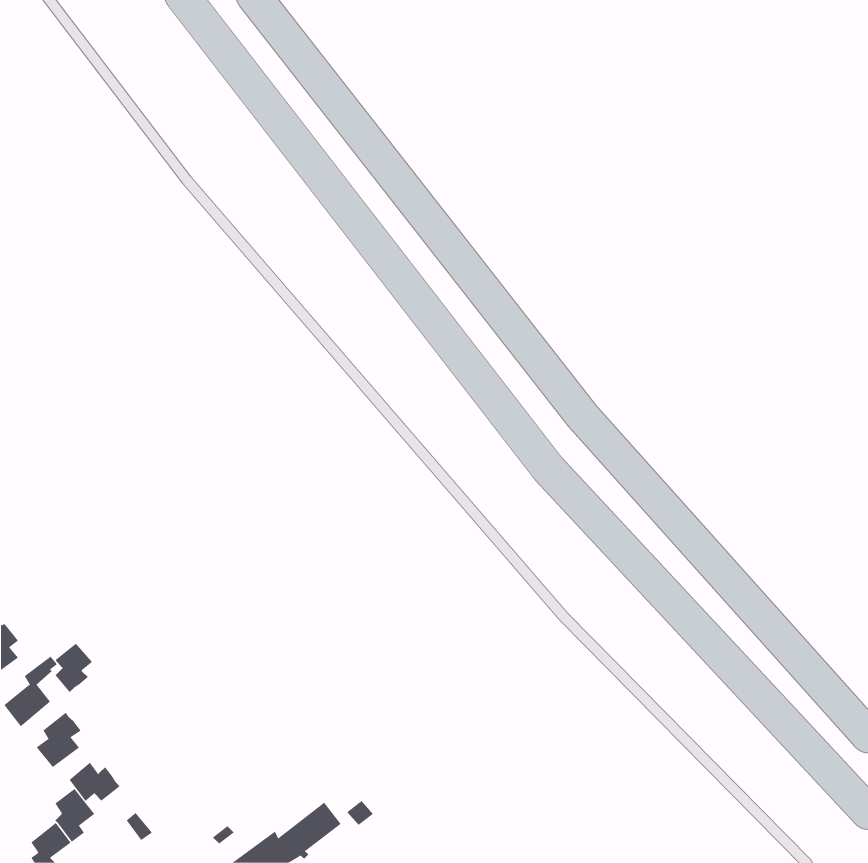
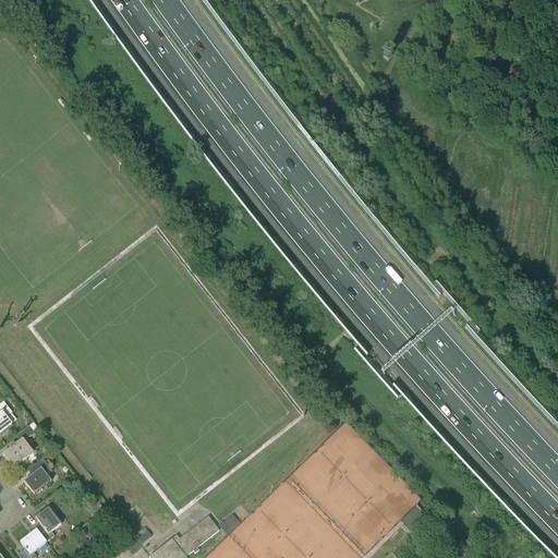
building: [54,643,93,693] -> none
building: [69,762,121,802] -> none

